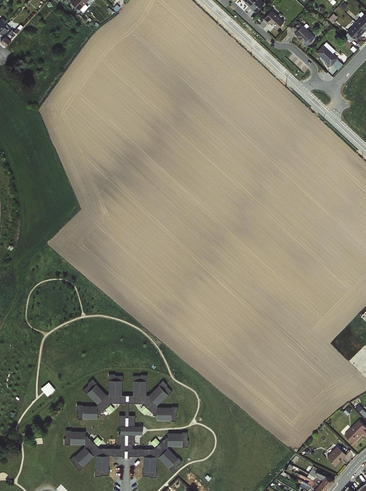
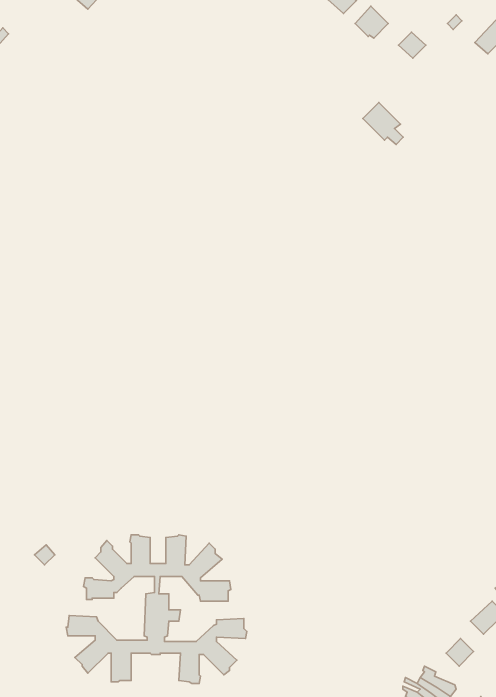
building: [315,42,343,71] -> [363,103,403,144]

